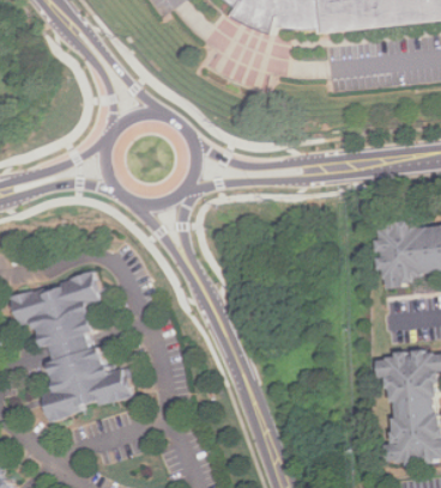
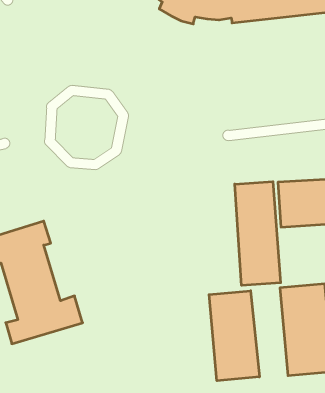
building: none -> [235,182,281,285]
building: none -> [209,291,259,381]

